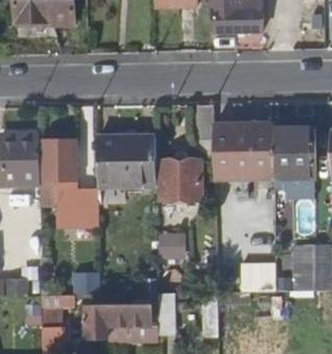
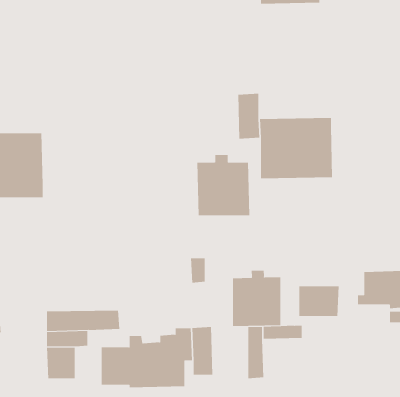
building: [272,129,314,179] -> none
building: [96,136,156,187] -> none
building: [37,140,98,226] -> none
building: none -> [233,270,281,327]

